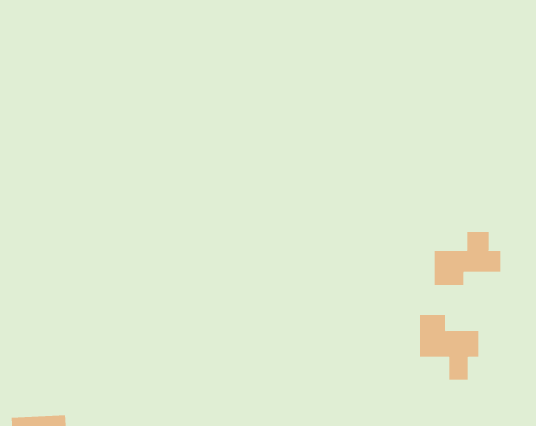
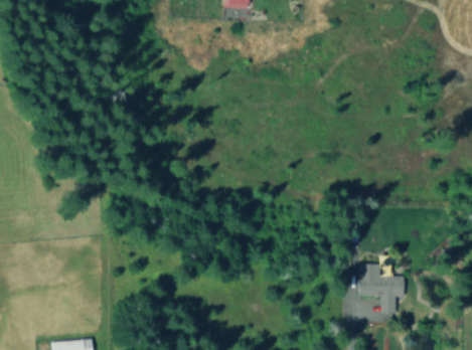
building: [434,231,501,286] -> none

